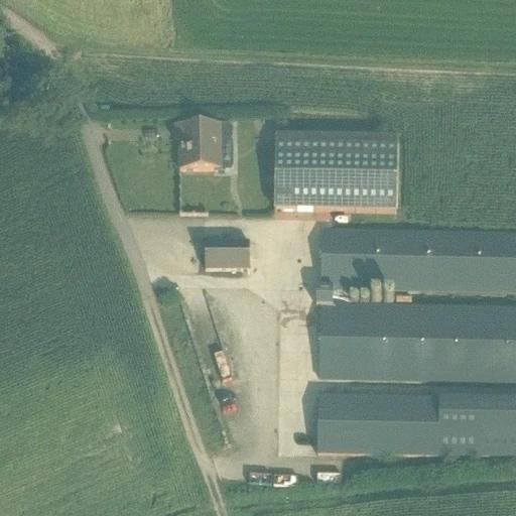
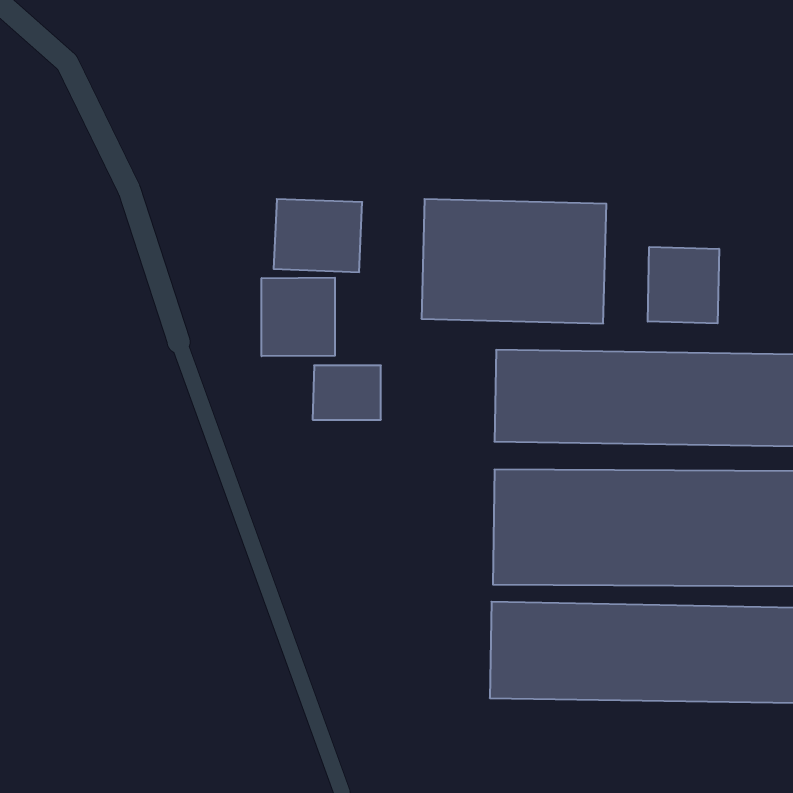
building: none -> [648,247,719,323]
building: none -> [262,278,335,356]

